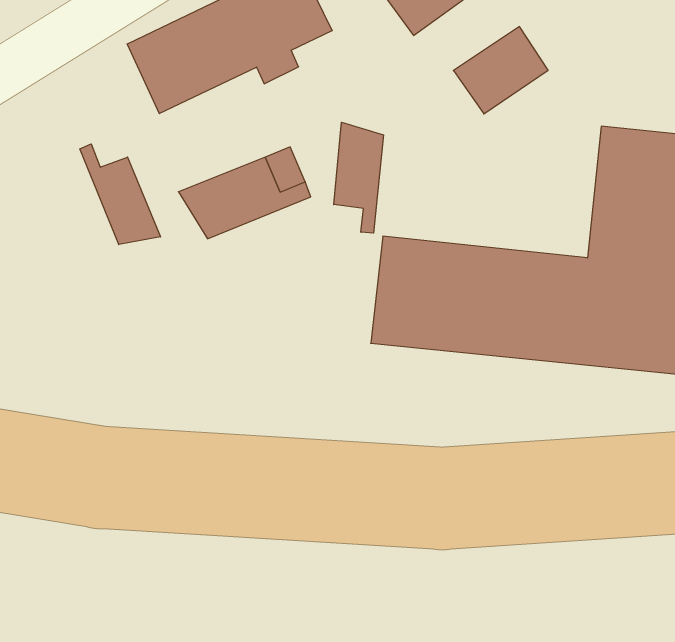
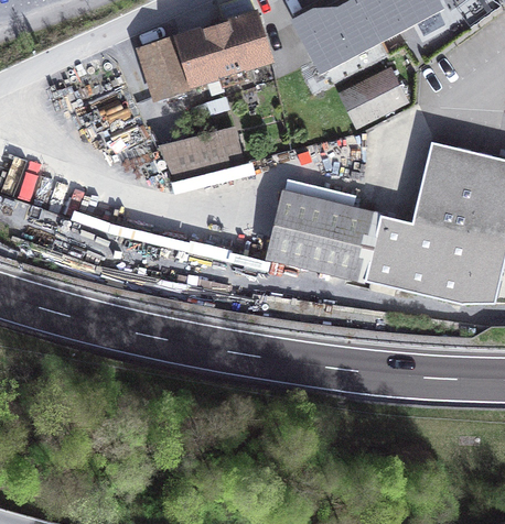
building: [334,122,383,233] -> none
building: [80,144,160,245] -> none

